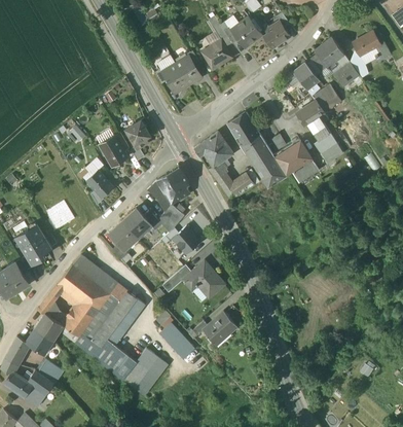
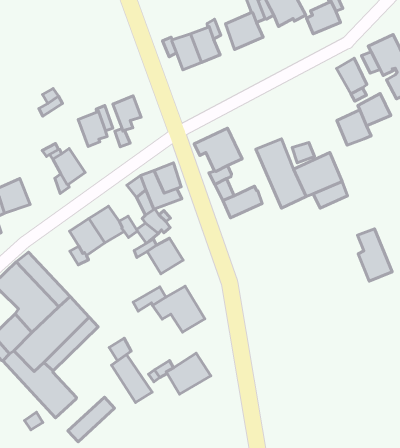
building: [228,111,260,145] -> none
building: [312,122,343,164] -> [357,229,392,281]
building: [123,348,158,388] -> none

